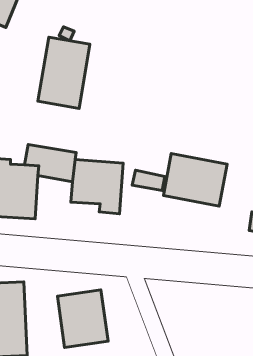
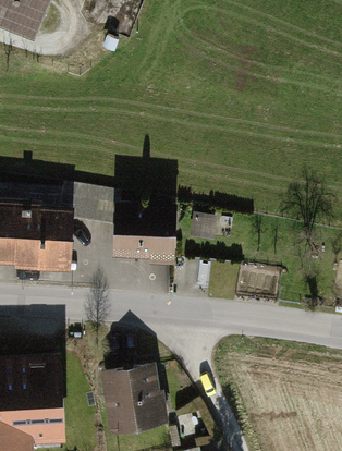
building: [38,37,90,108] -> none
building: [163,153,227,206] -> none

